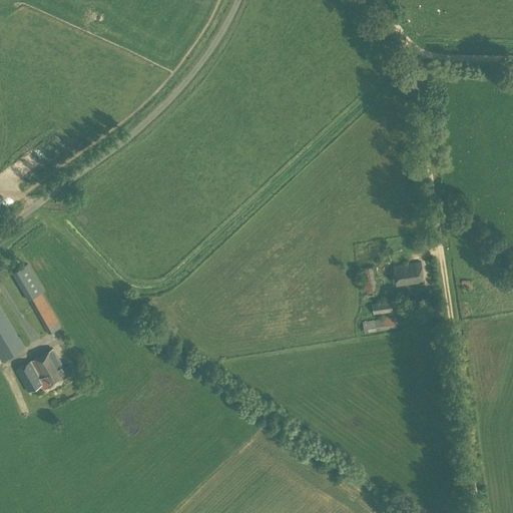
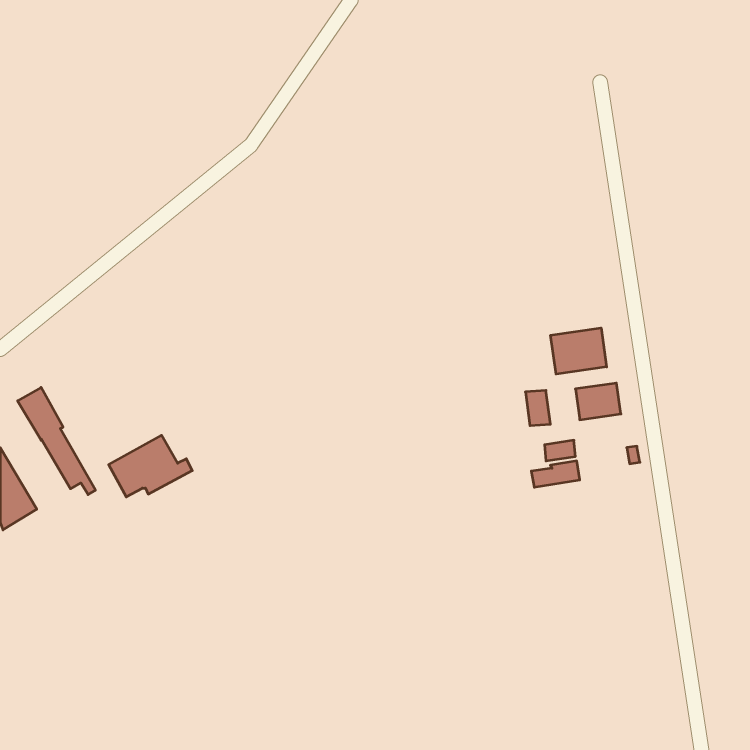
building: none -> [551,328,607,374]
building: [17,349,74,391] -> [109,435,192,497]

